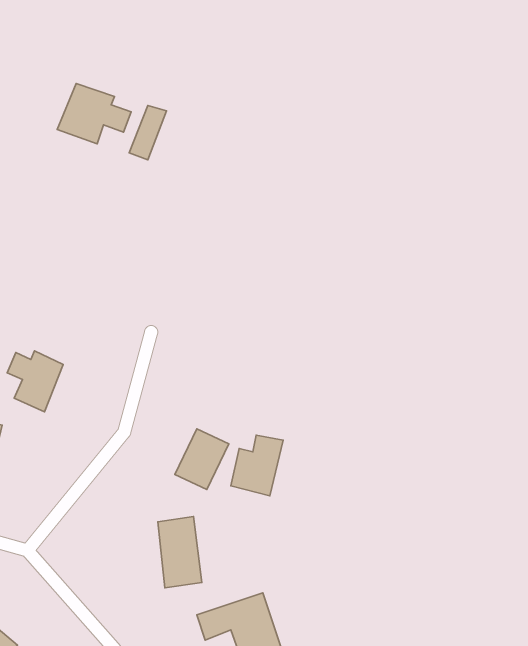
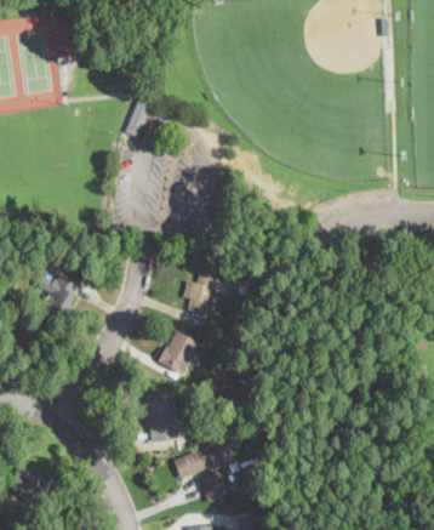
building: [57,83,131,144] -> none
building: [231,435,283,496] -> [183,270,221,314]

